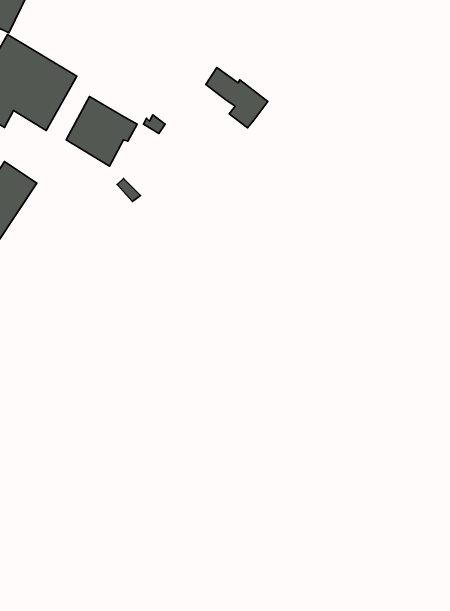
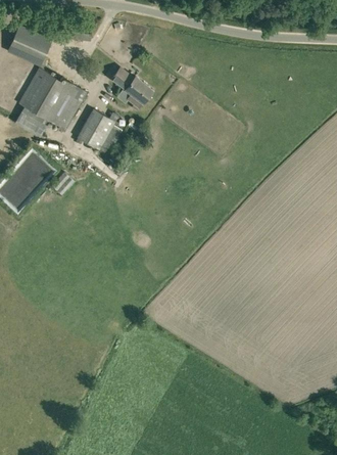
building: [206,67,268,128] -> [109,67,150,107]

